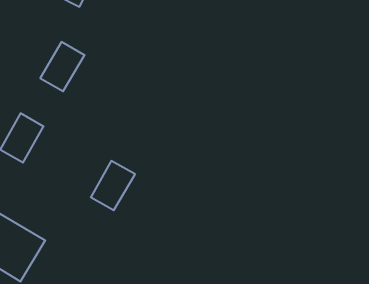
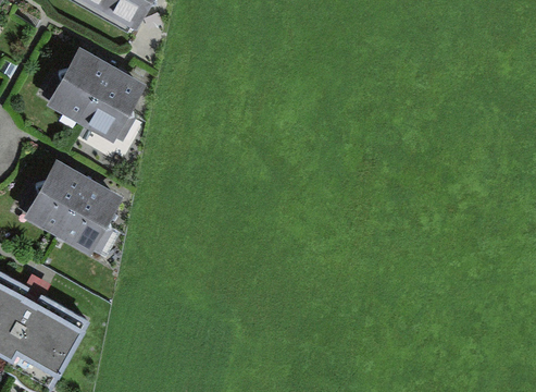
building: none -> [52,51,110,117]
building: [91,161,135,210] -> [59,181,117,246]

